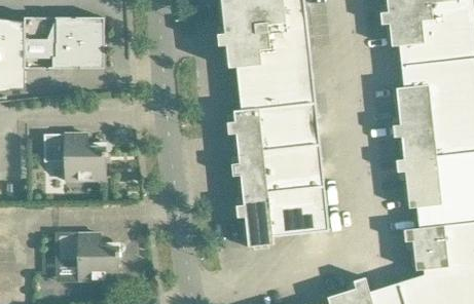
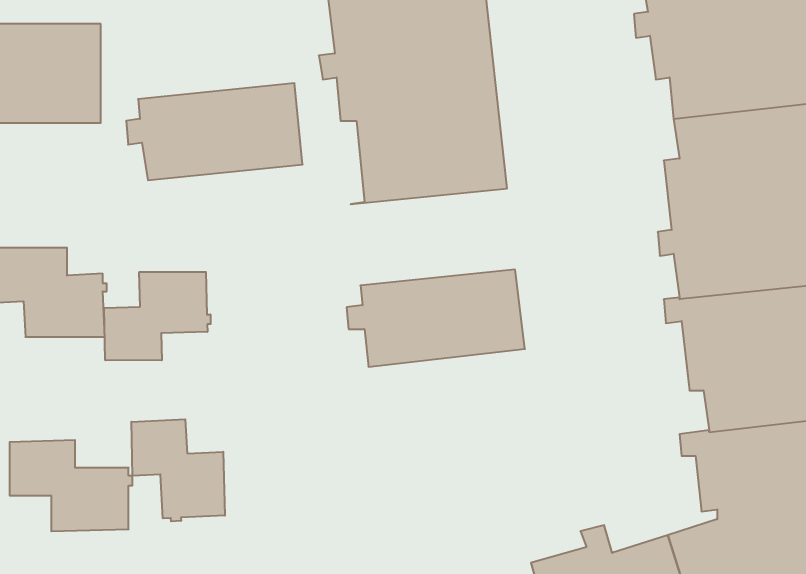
building: [226,103,318,153] -> [126,83,303,180]
building: none -> [104,272,211,360]
building: [234,186,327,246] -> none
building: none -> [131,419,225,521]

